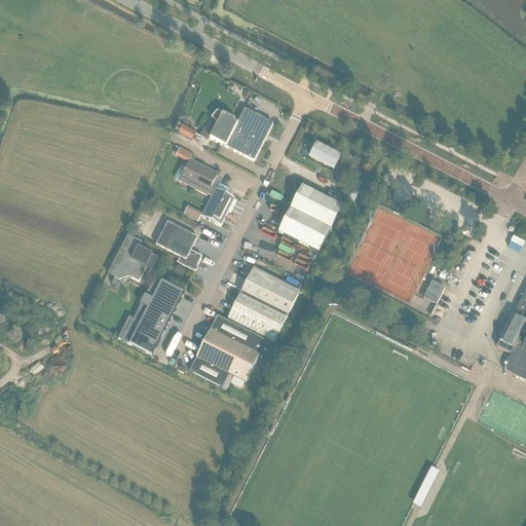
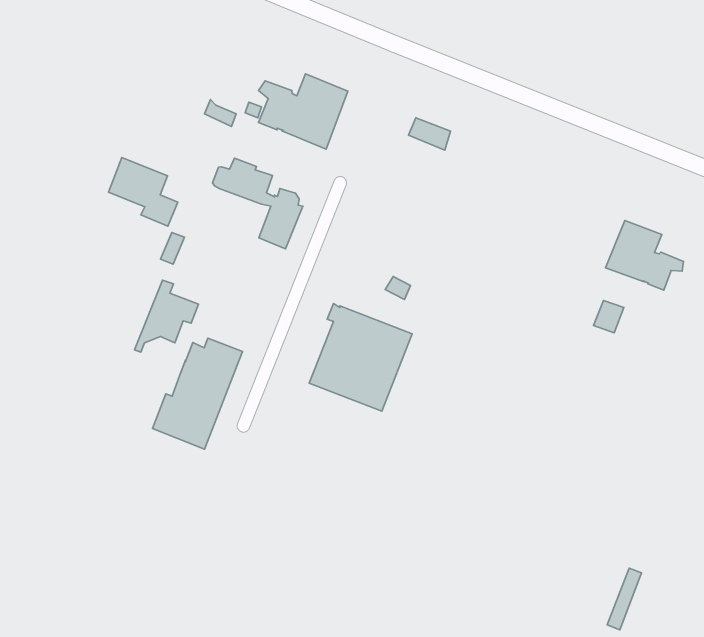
building: [278,183,343,251] -> none
building: [156,220,202,269] -> [108,158,178,226]
building: none -> [605,221,683,290]
building: [189,313,266,388] -> none

